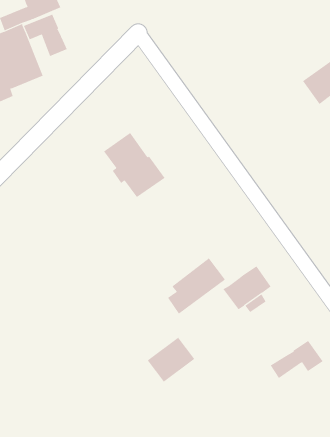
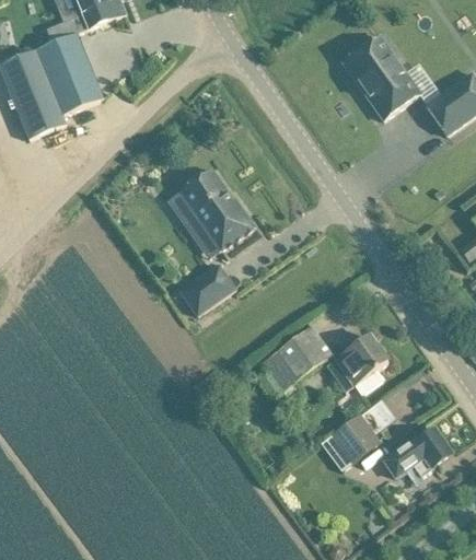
building: [23,14,68,57] -> none
building: none -> [343,35,420,119]
building: none -> [179,262,237,316]
building: [147,337,195,382] -> [321,412,381,469]

